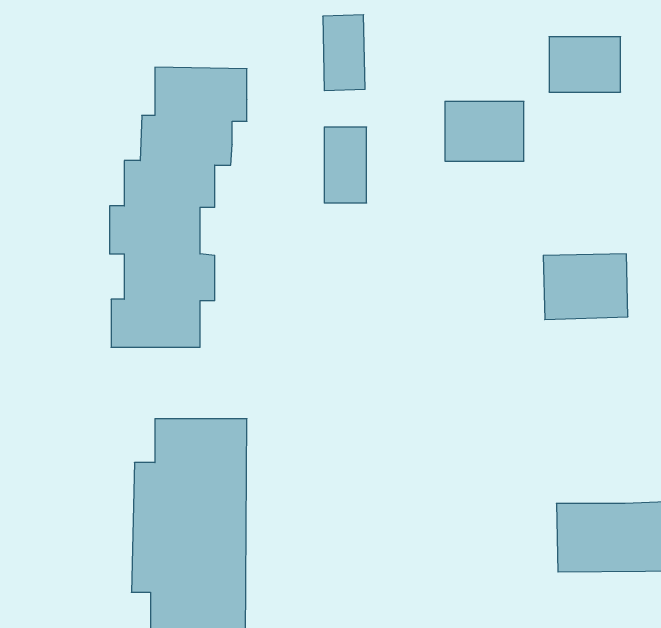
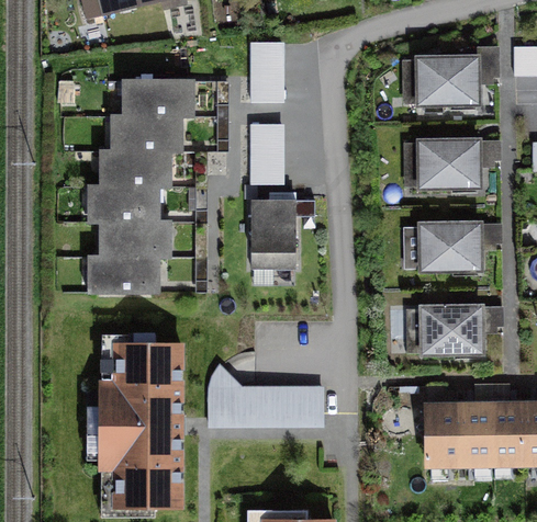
building: [445,101,524,161] -> [416,138,476,183]
building: none -> [250,196,306,257]
building: none -> [423,306,480,351]
building: none -> [208,368,322,423]

